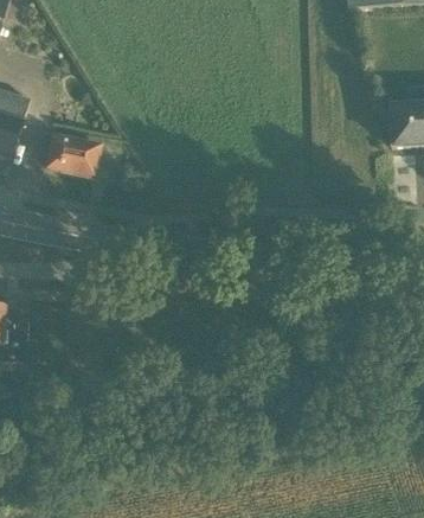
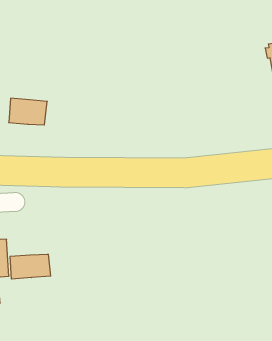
building: none -> [10,254,51,279]

